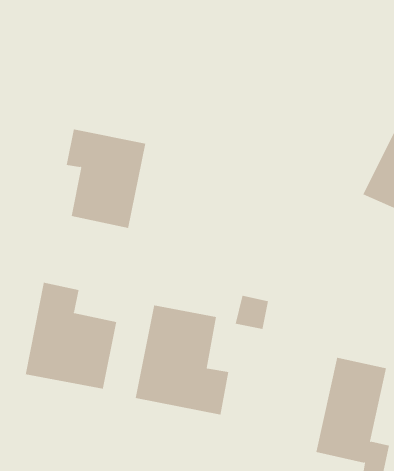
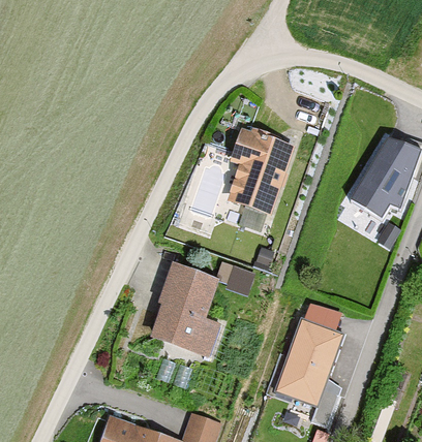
building: [66,129,146,229] -> [227,129,293,213]
building: [25,282,117,390] -> none

